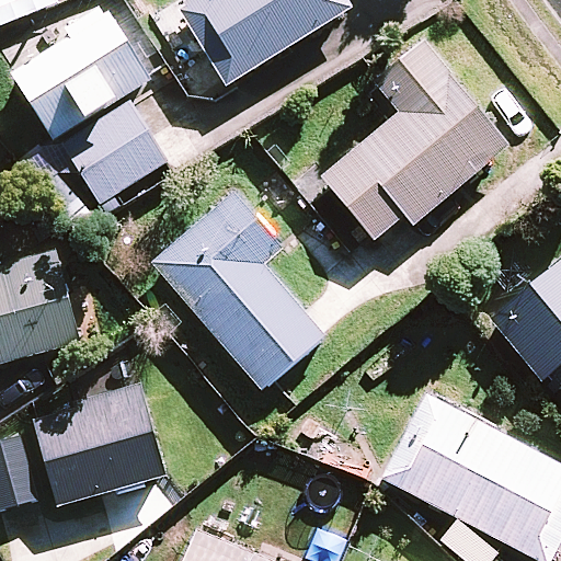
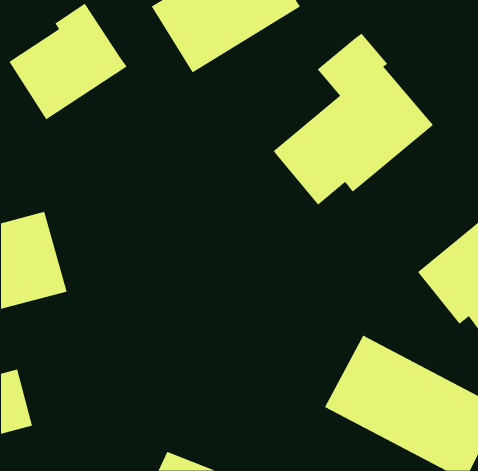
building: [64,98,169,199] -> none
building: [150,188,325,388] -> none
building: [33,381,165,506] -> none

